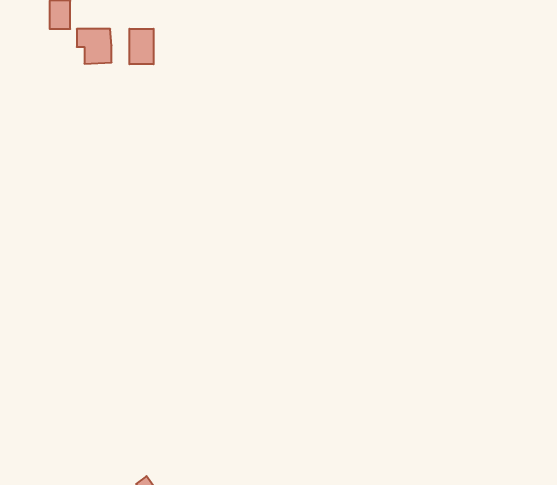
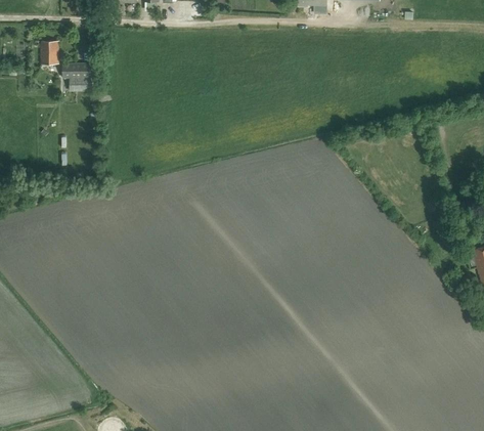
building: [129,29,154,64] -> none

